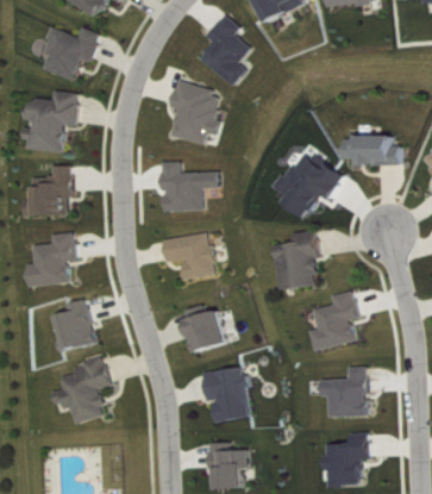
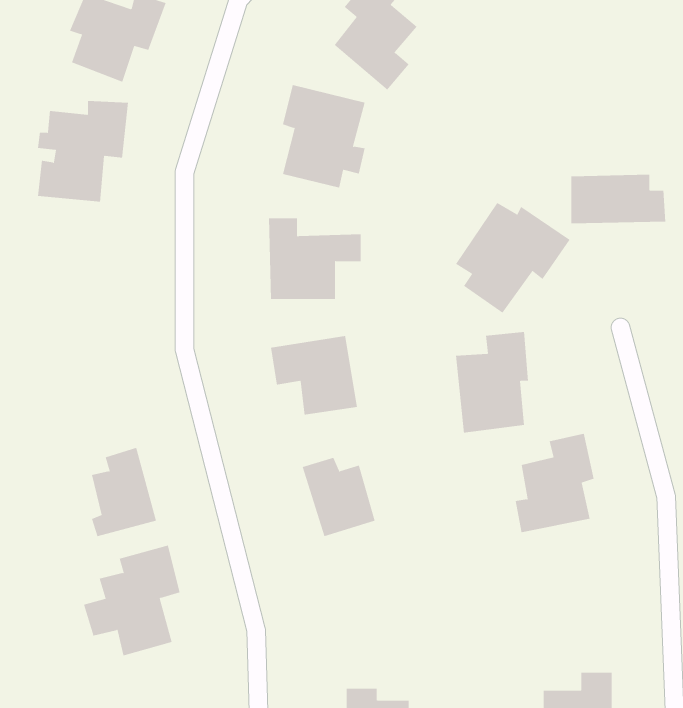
building: [24,165,73,217] -> none
building: [27,232,75,286] -> none
building: [319,367,365,418] -> none
building: [202,368,248,421] -> none

